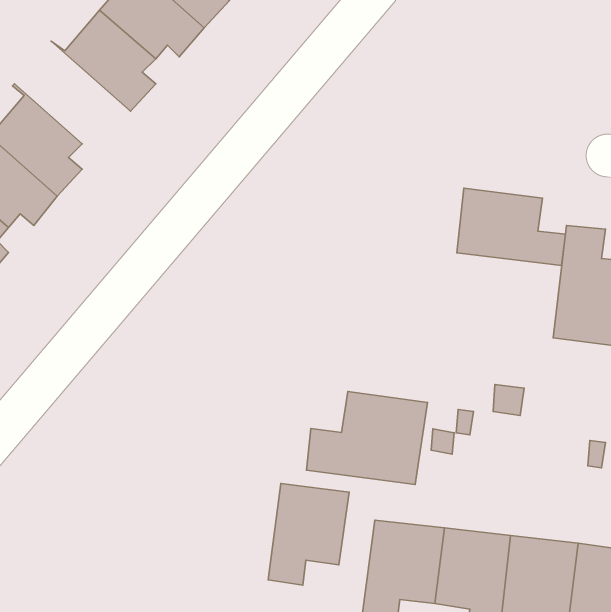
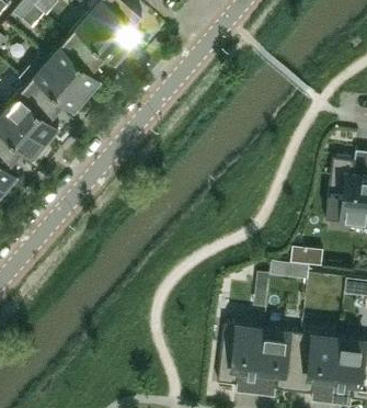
building: none -> [22,52,88,110]
building: [457,188,566,265] -> none
building: [307,392,427,485] -> none
building: [268,484,349,585] -> none

